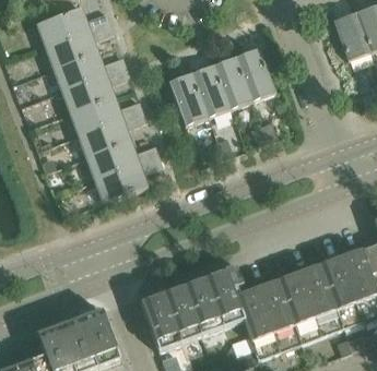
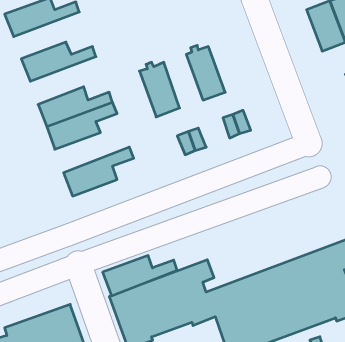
building: [45,22,114,68] -> none
building: [236,47,275,100] -> none
building: [192,63,231,116] -> none
building: [61,65,130,112] -> none
building: [85,140,158,179] -> [103,256,177,296]

